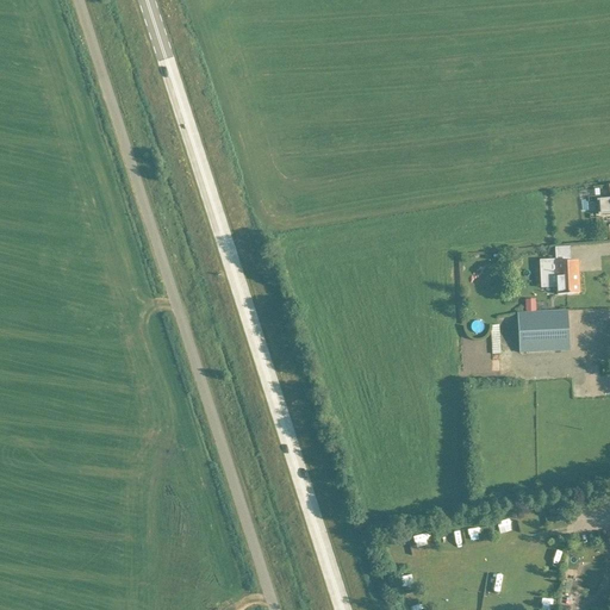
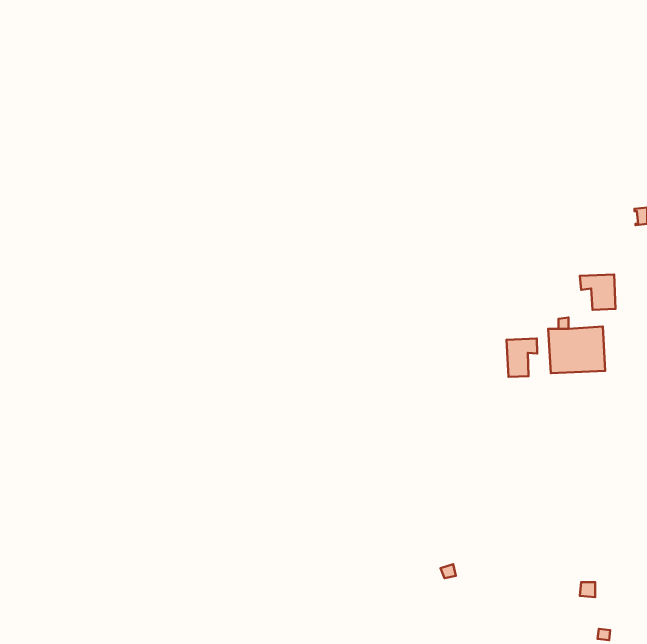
building: none -> [507,338,537,377]

